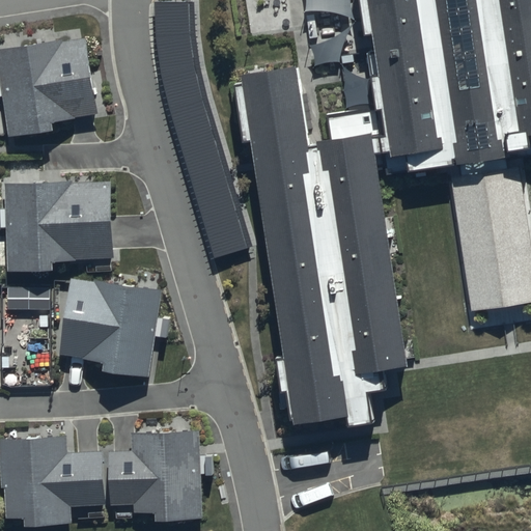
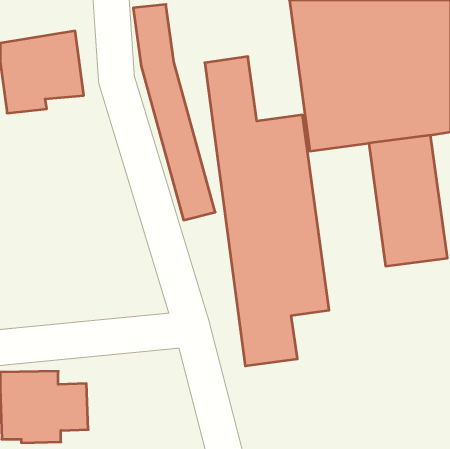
building: [6,180,113,270] -> none
building: [60,274,161,375] -> none
building: [111,431,203,519] -> none

